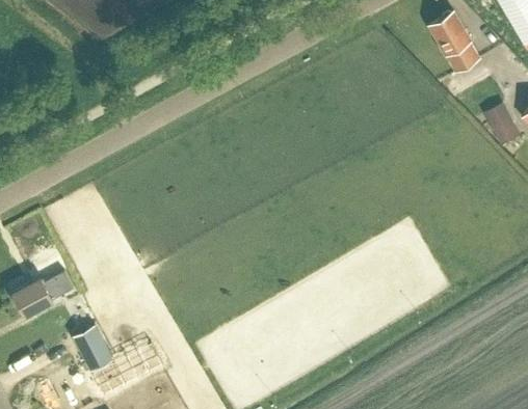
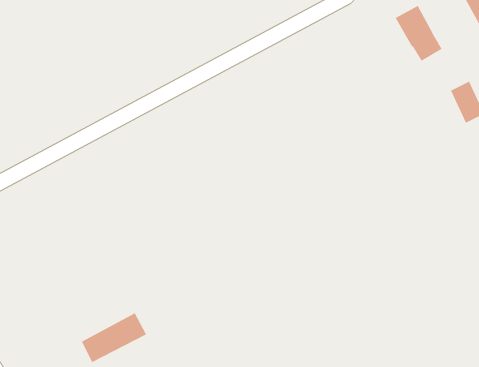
building: [12,270,72,312] -> none
building: [71,323,111,370] -> none

